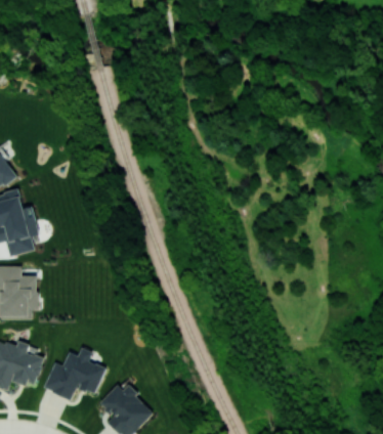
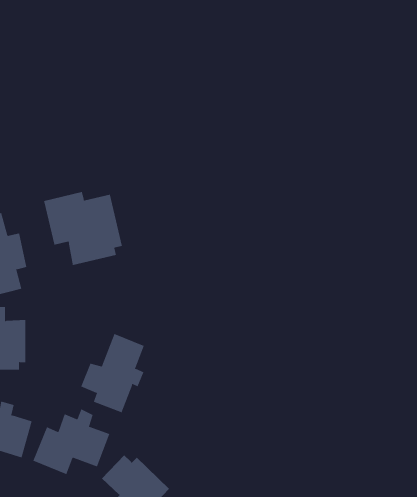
building: none -> [43,191,123,266]
building: none -> [81,333,144,413]

